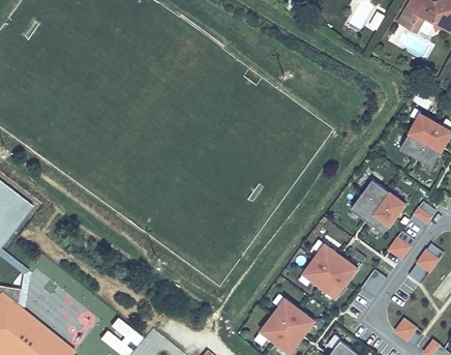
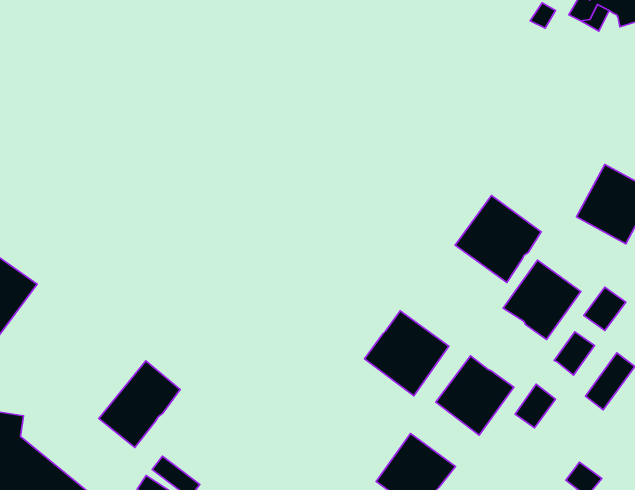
building: none -> [455,196,541,282]
building: none -> [365,311,449,396]
building: none -> [99,361,180,448]

